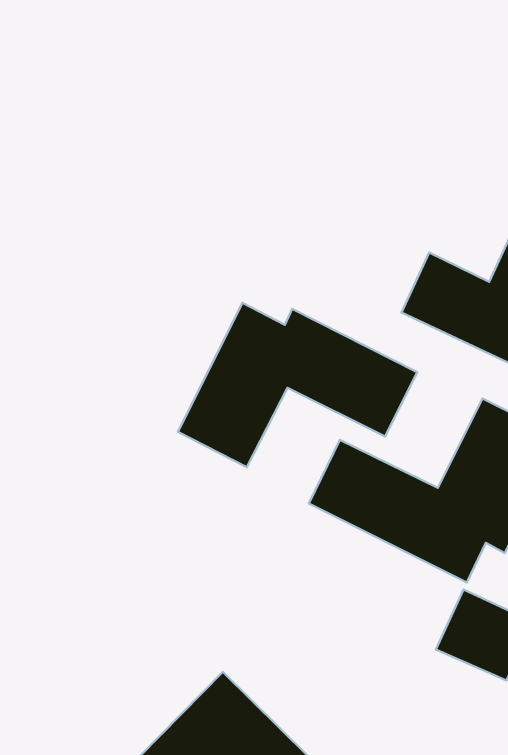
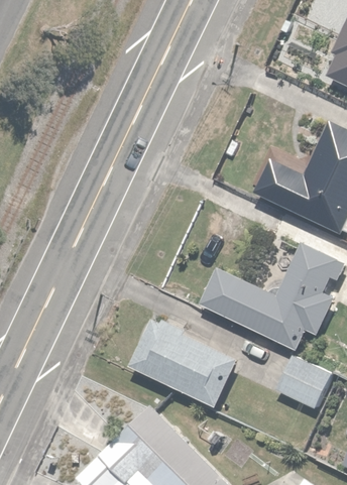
building: [178,303,417,467] -> none
building: none -> [129,316,239,415]

